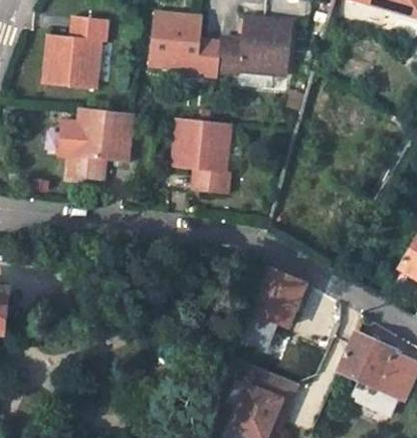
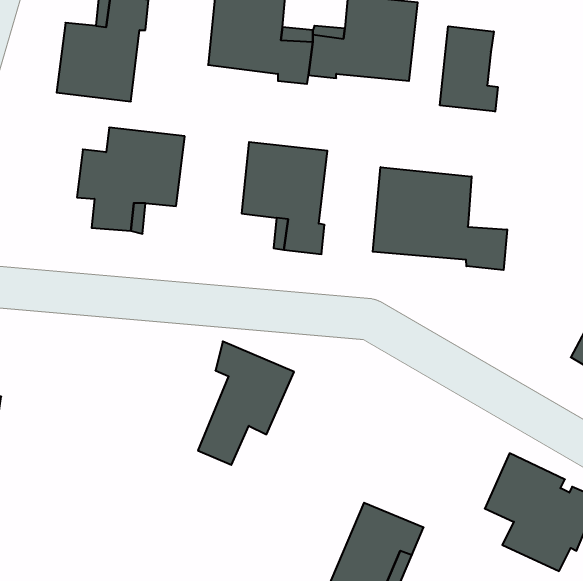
building: none -> [440,26,498,112]
building: none -> [373,167,507,270]
building: [240,262,306,348] -> [198,341,294,465]

